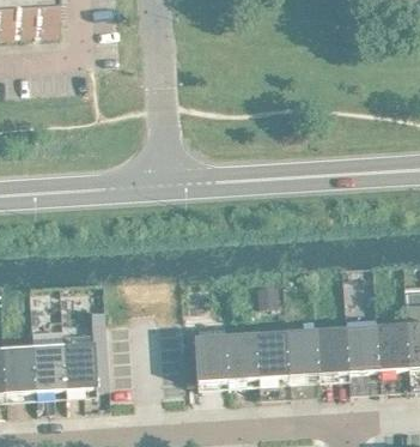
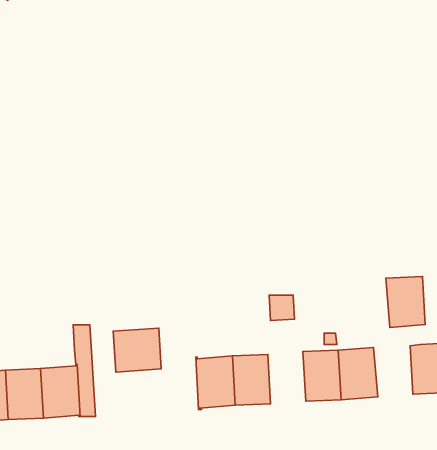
building: none -> [113,328,161,372]
building: [343,326,377,369] -> [386,277,425,327]
building: [254,331,286,375] -> none

